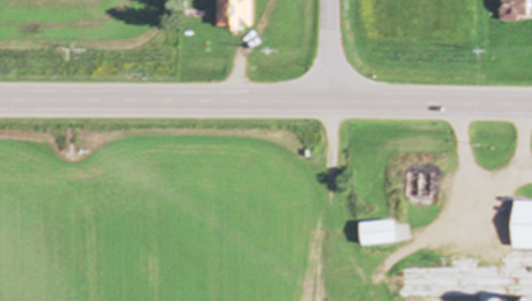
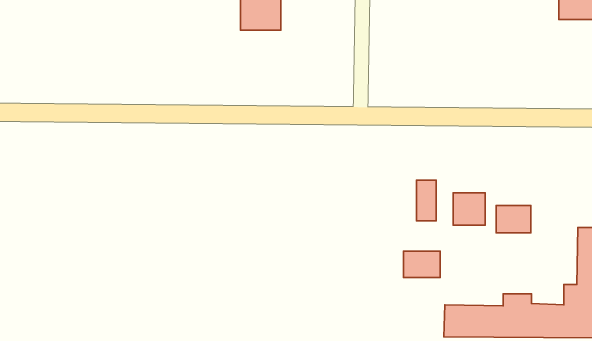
building: none -> [416,180,436,221]
building: none -> [496,205,531,233]

